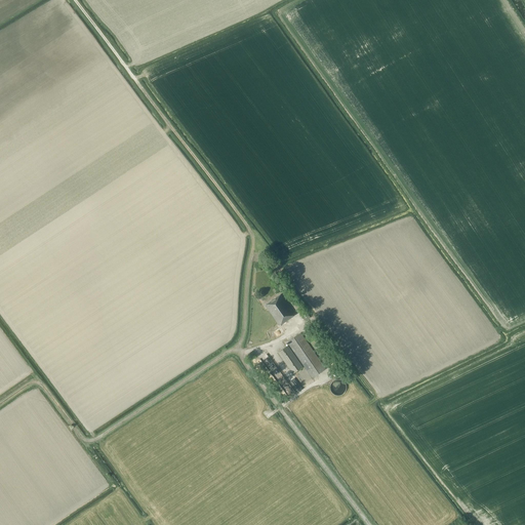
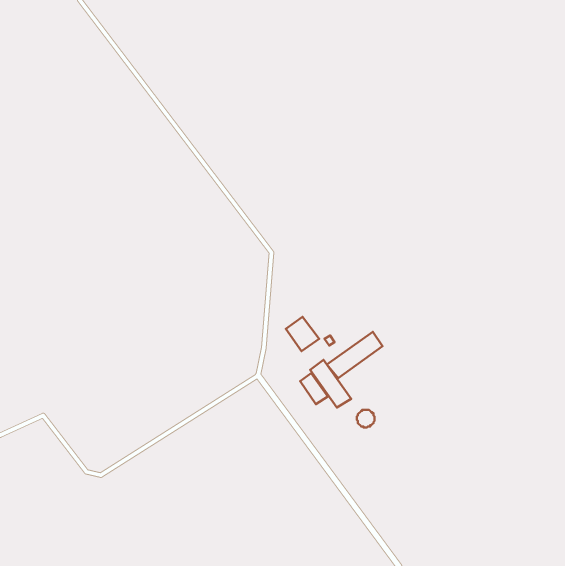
building: none -> [327,332,382,378]

